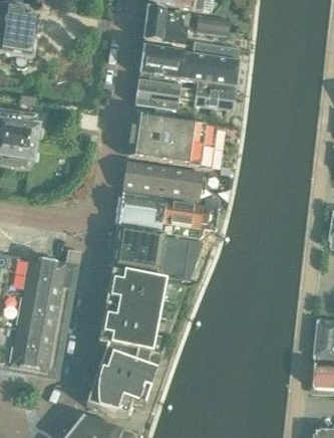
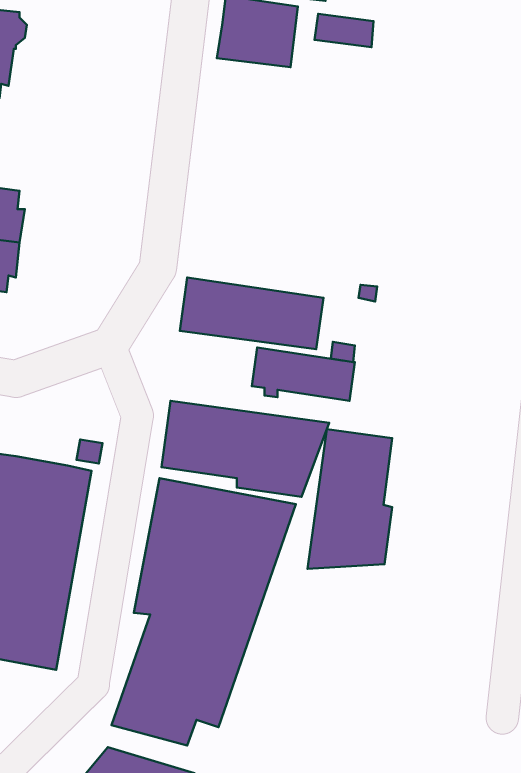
building: [138,41,237,83] -> none
building: [133,79,234,107] -> none
building: [126,115,215,165] -> none
building: [117,193,164,228] -> none
building: none -> [307,429,392,569]

